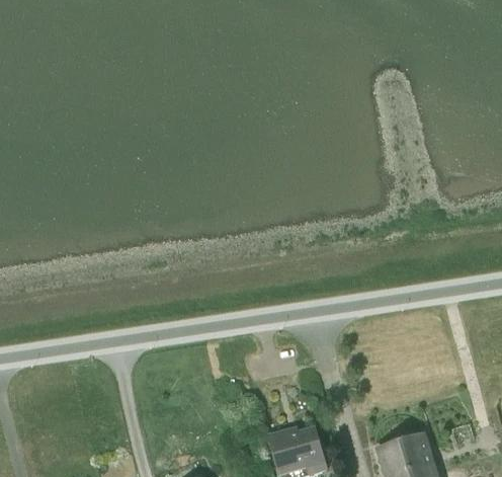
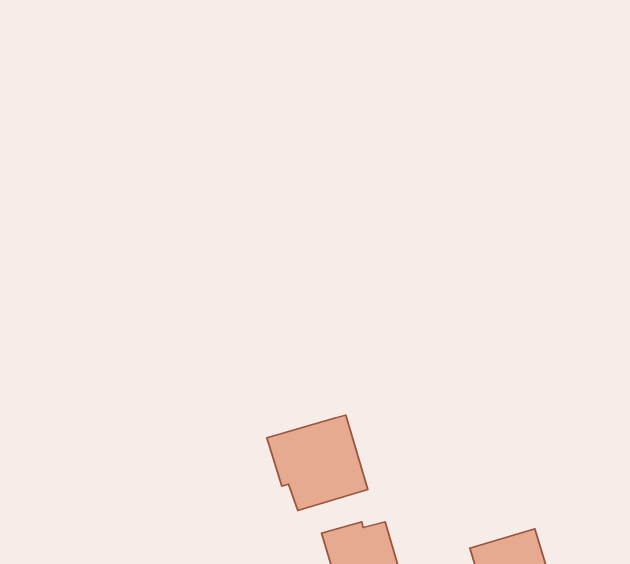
building: none -> [267,415,368,510]

